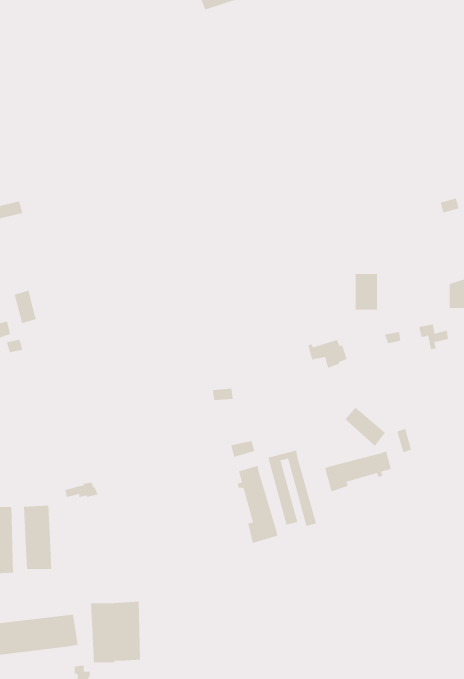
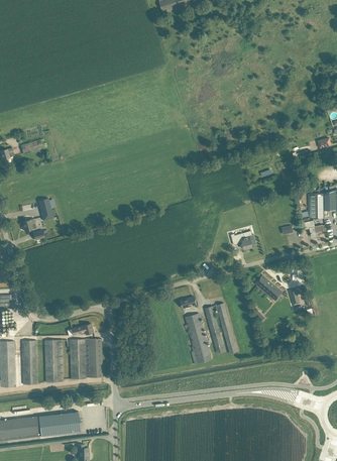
building: [355,273,378,310] -> [308,194,323,218]
building: [325,450,391,492] -> none
building: [90,601,141,663] -> [69,338,102,378]

